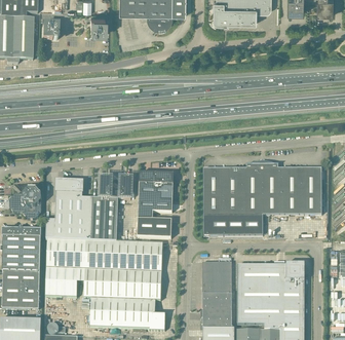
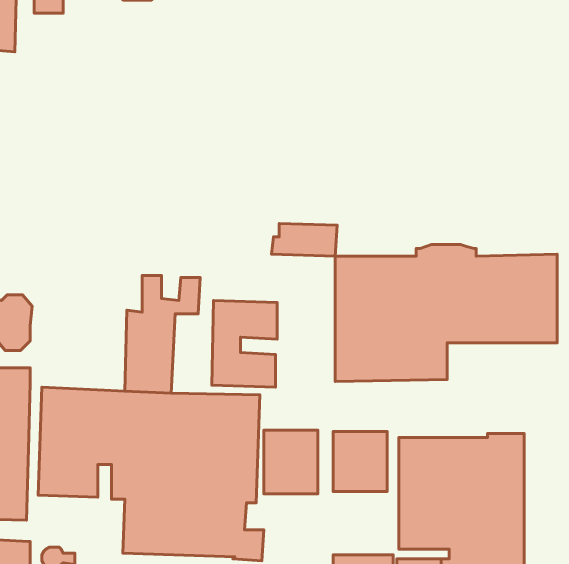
building: [139,175,174,192] -> [271,223,337,256]
building: [46,181,92,239] -> none
building: [202,293,231,327] -> [264,430,318,494]

